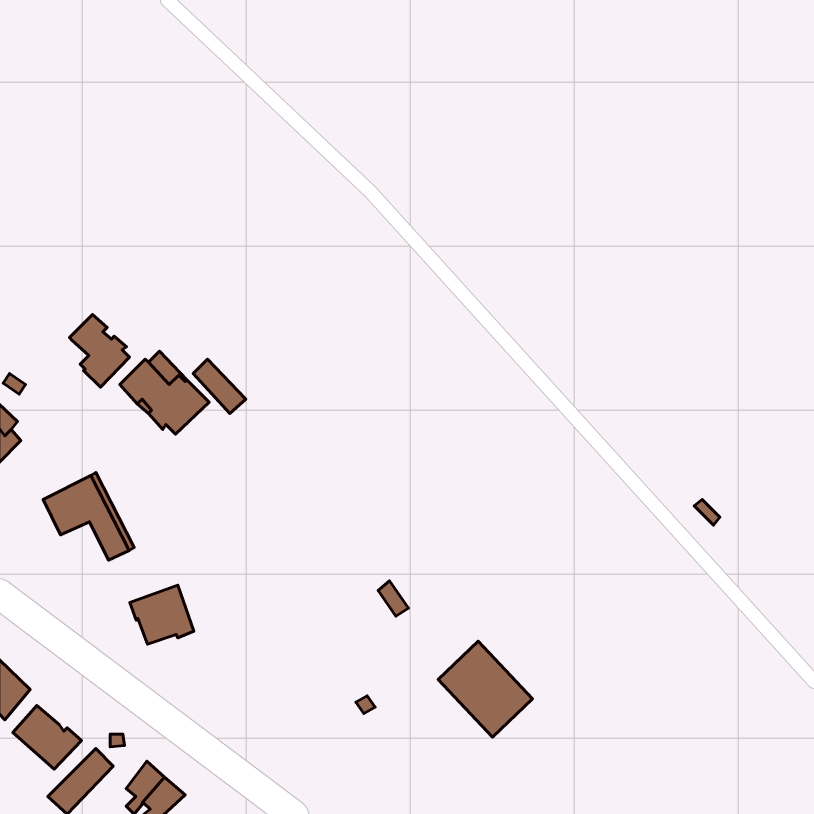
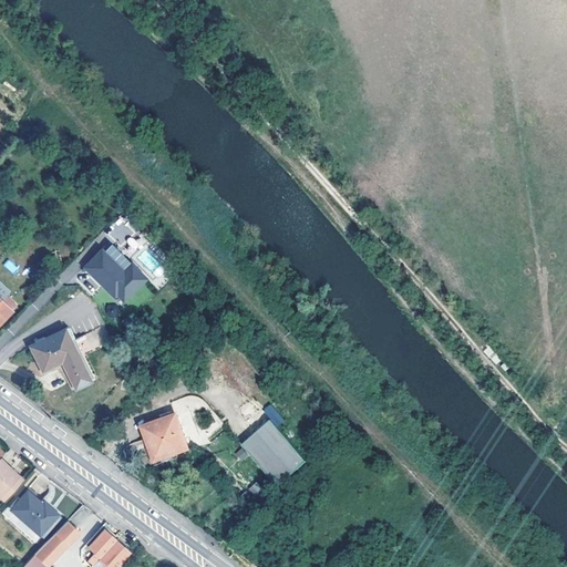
building: [70,315,129,387] -> none
building: [130,585,194,644] -> [142,416,186,457]
building: [438,641,532,737] -> [239,423,305,489]

